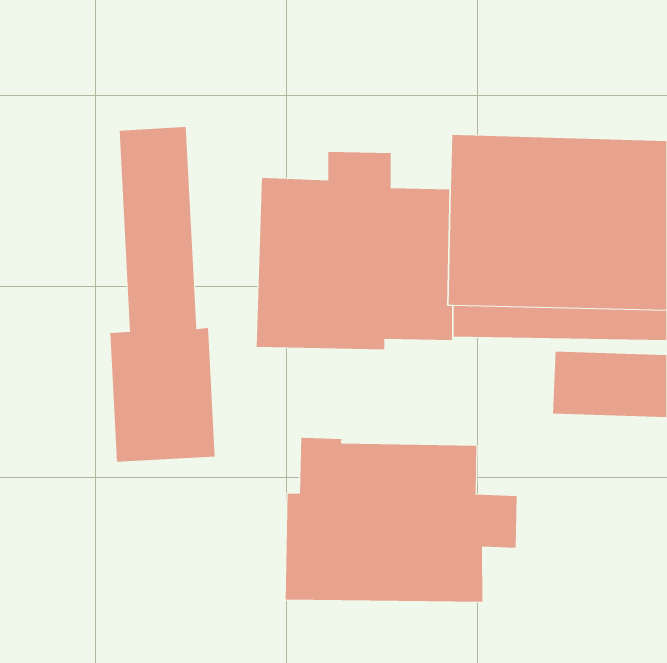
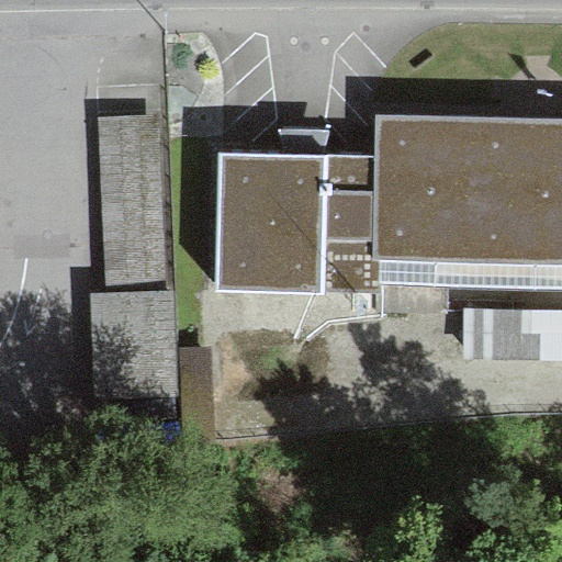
building: [285,437,517,603] -> none

